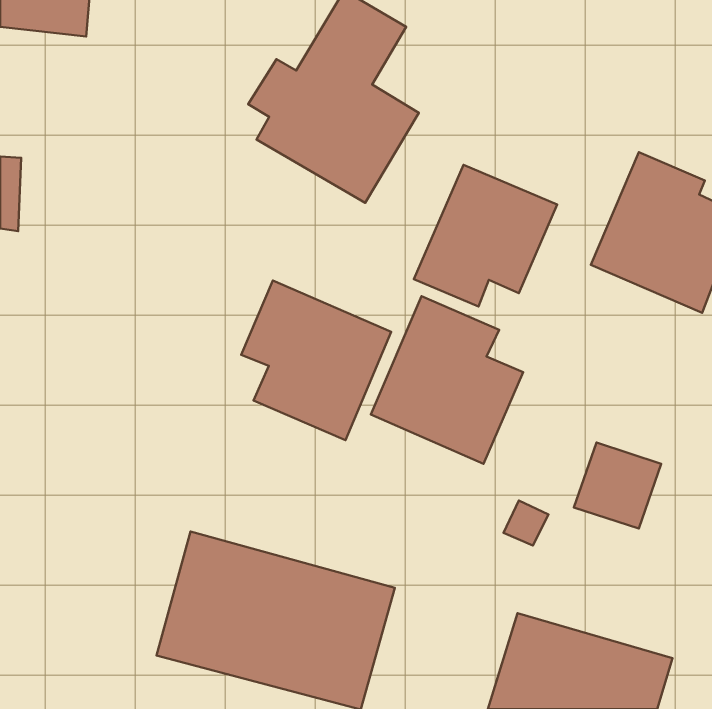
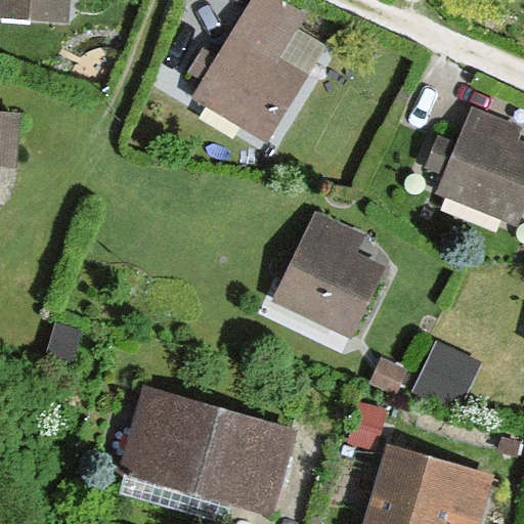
building: [414,165,557,306] -> none
building: [241,281,391,440] -> none

